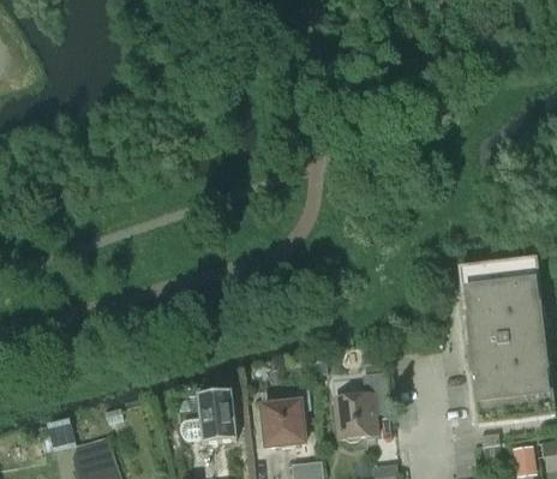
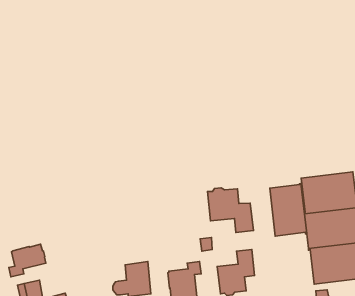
building: none -> [270,184,307,236]
building: none -> [208,188,254,232]
building: none -> [9,244,46,277]

